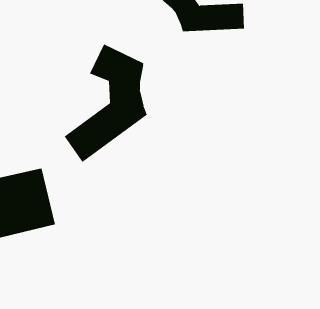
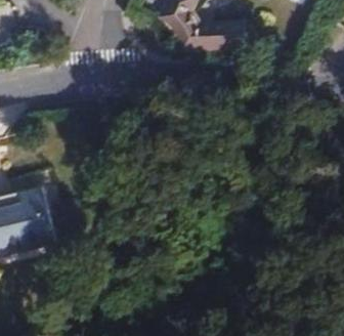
building: [64,43,148,163] -> none

